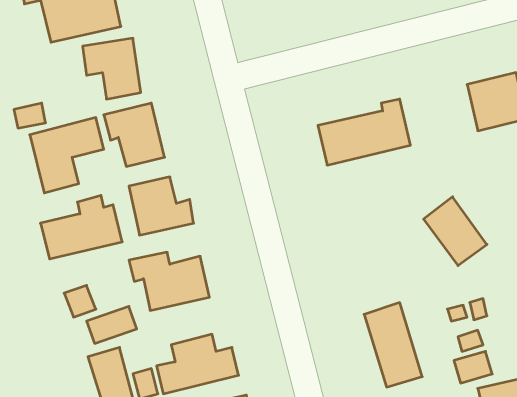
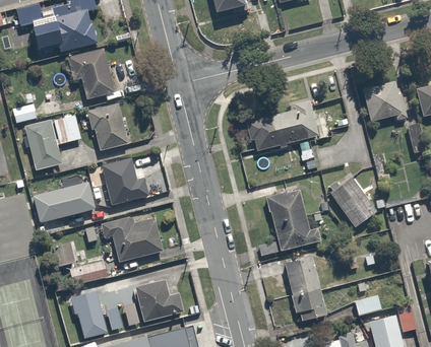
building: none -> [259,190,325,258]

